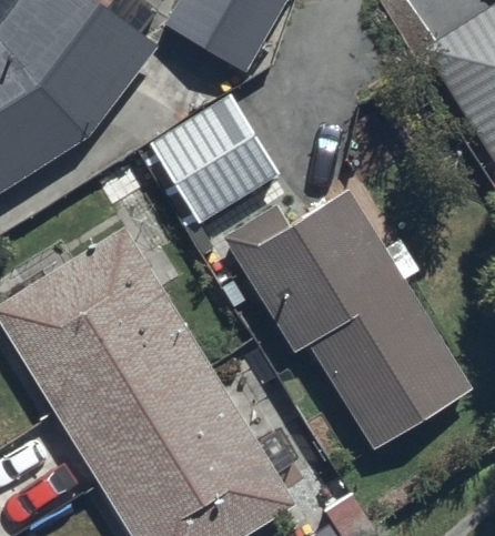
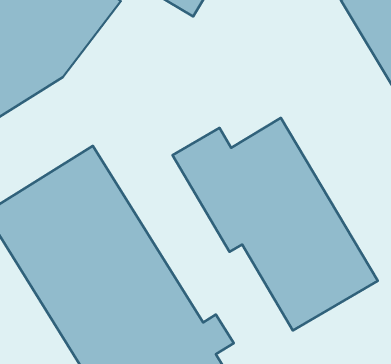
building: [150,97,276,225] -> none

